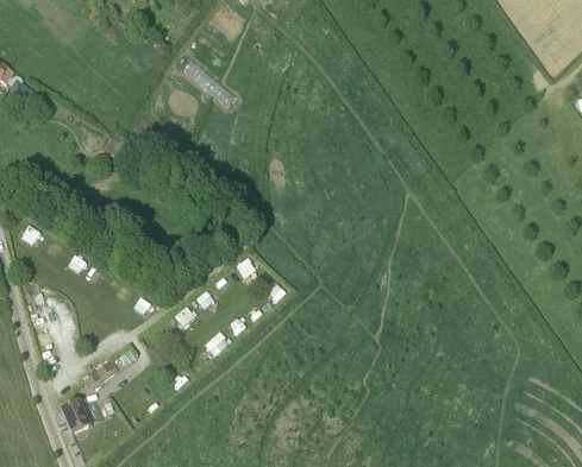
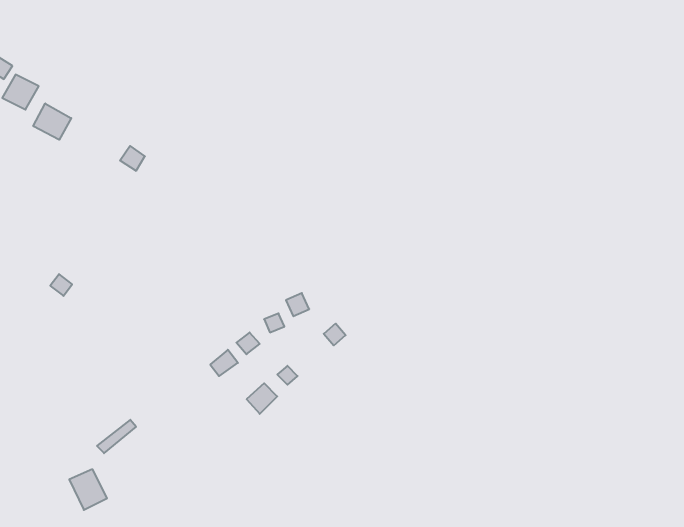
building: none -> [33,103,71,140]

